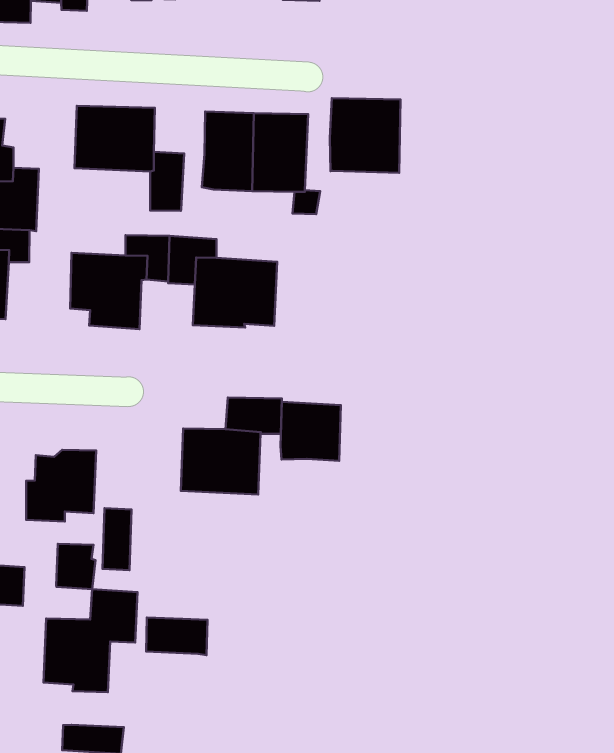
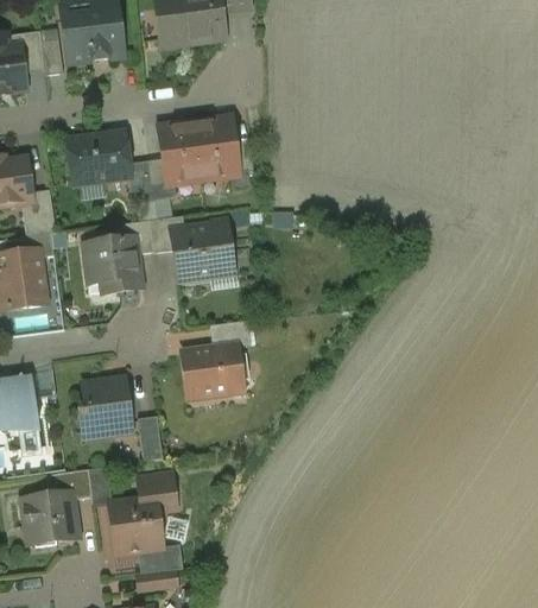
building: [330,98,401,173] -> none
building: none -> [150,158,177,200]
building: [281,402,341,461] -> none
building: [56,544,96,589] -> none
building: [146,618,208,655] -> [138,544,184,574]

